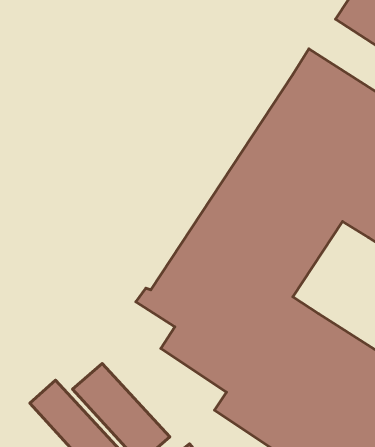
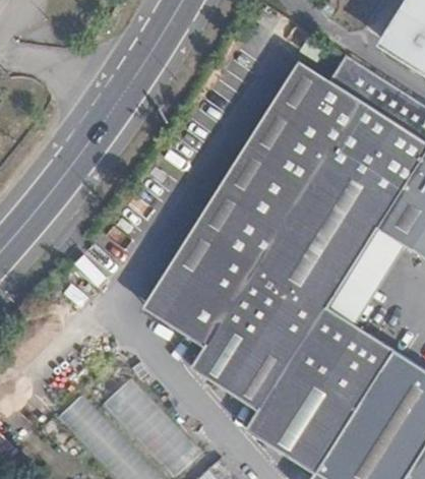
building: none -> [145,64,328,315]
building: none -> [328,233,406,327]

